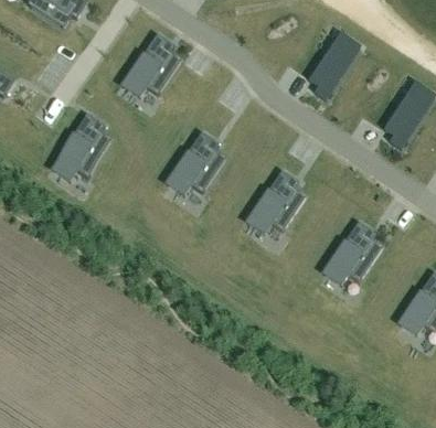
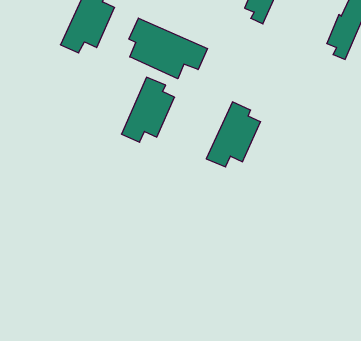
building: none -> [129,18,208,79]
building: [52,113,111,176] -> none
building: [323,221,382,285] -> none

